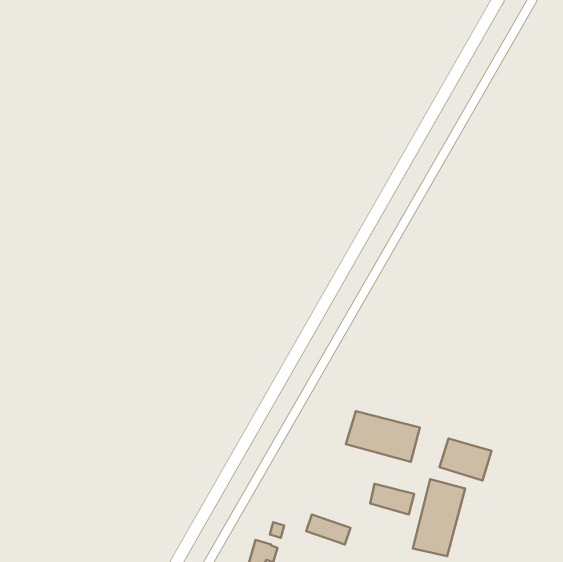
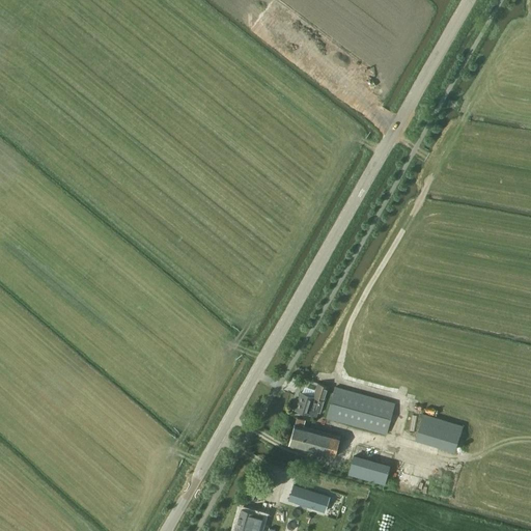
building: none -> [296,383,329,418]
building: none -> [288,420,339,458]
building: [413,479,465,556] -> none

